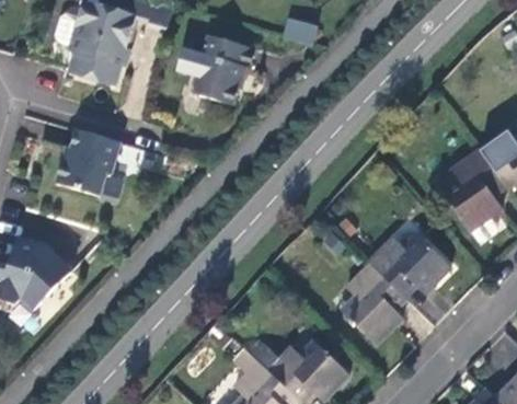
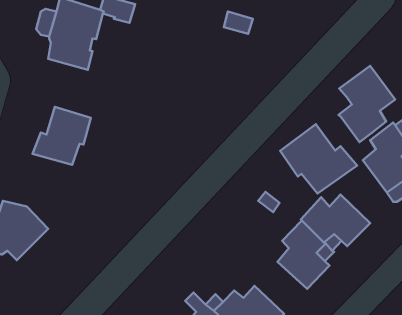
building: [186,31,255,104] -> none
building: none -> [339,66,395,142]
building: none -> [280,124,357,193]

